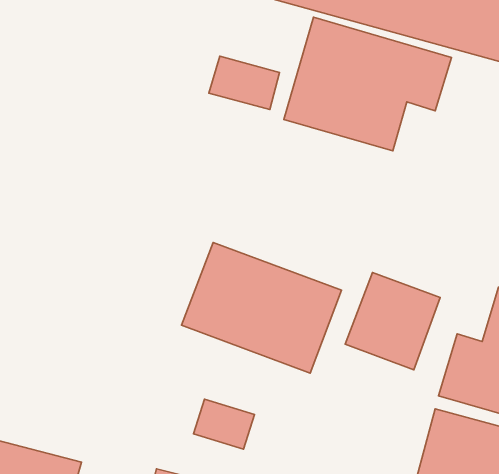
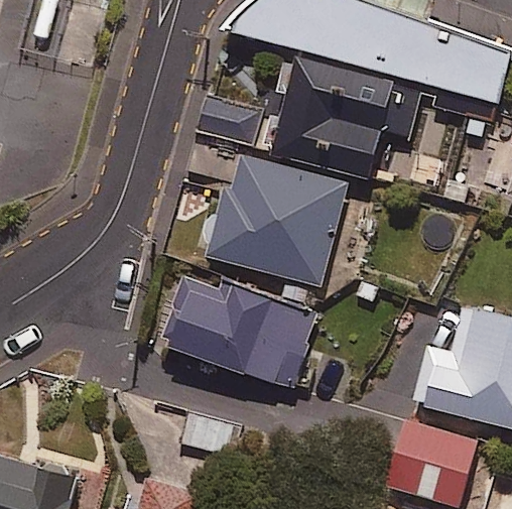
building: none -> [205,149,351,285]
building: [345,273,440,370] -> none

